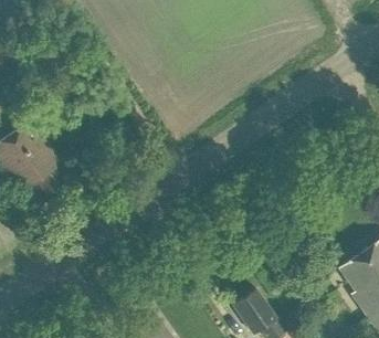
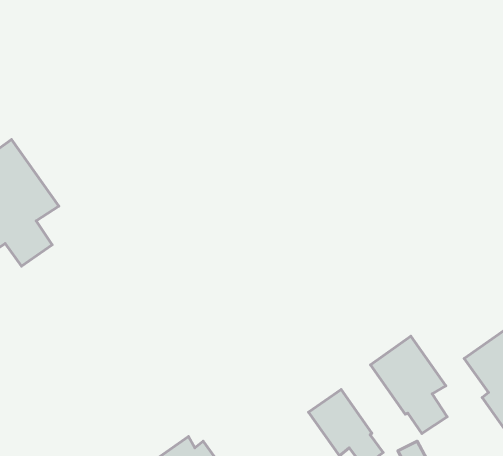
building: none -> [370,336,447,434]

